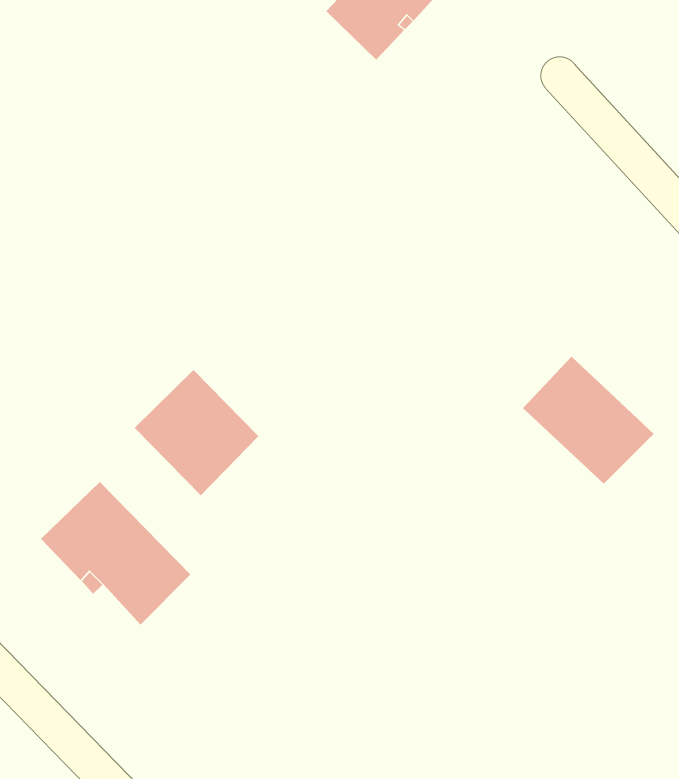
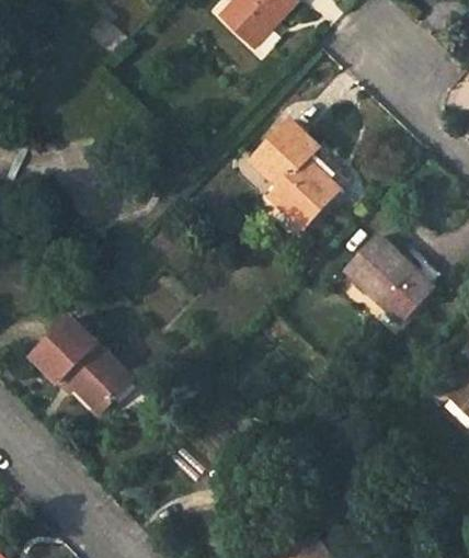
building: none -> [252,121,339,227]
building: [134,369,259,496] -> none

